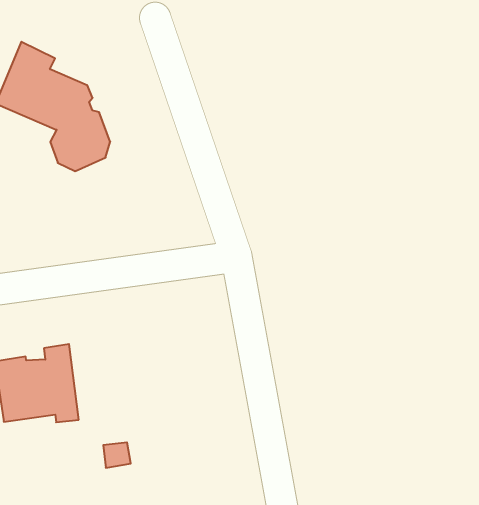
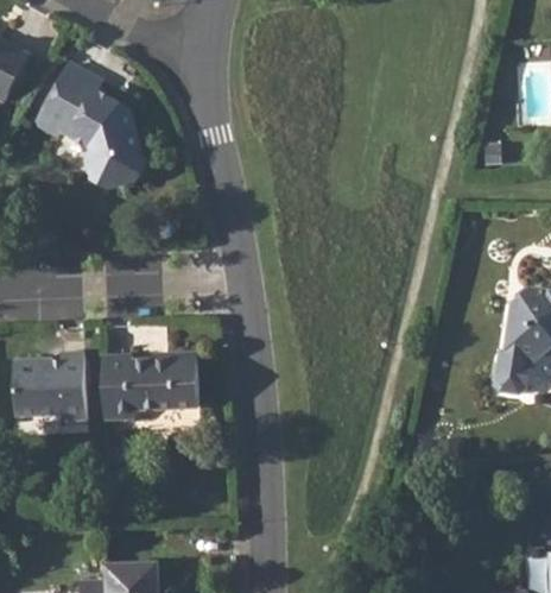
building: none -> [102,354,201,419]

